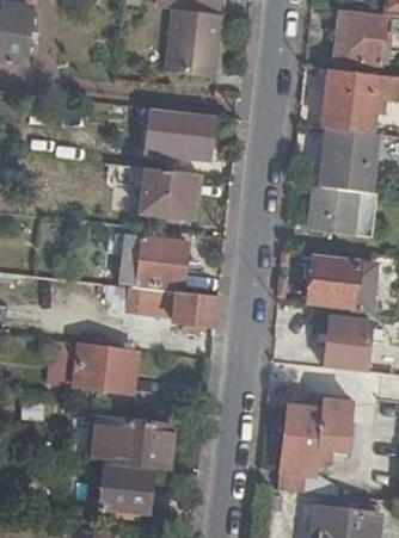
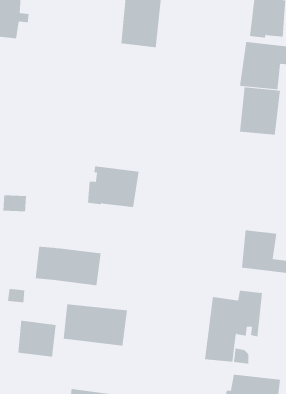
building: [129,107,200,159] -> none
building: [141,167,202,218] -> none
building: [309,186,376,239] -> none
building: [306,256,374,313] -> none
building: [136,287,219,327] -> none
building: [102,469,153,518] -> [18,320,56,357]

